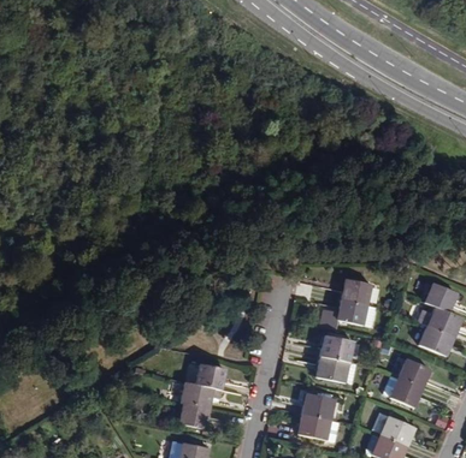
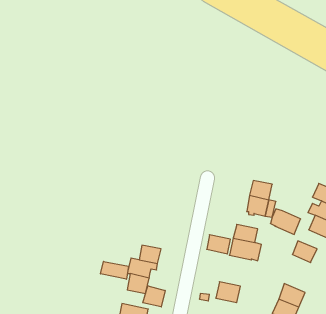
building: [383,374,423,408] -> [270,209,301,234]
building: none -> [101,261,129,279]
building: [302,393,334,418] -> [207,235,230,254]
building: none -> [143,286,165,307]

